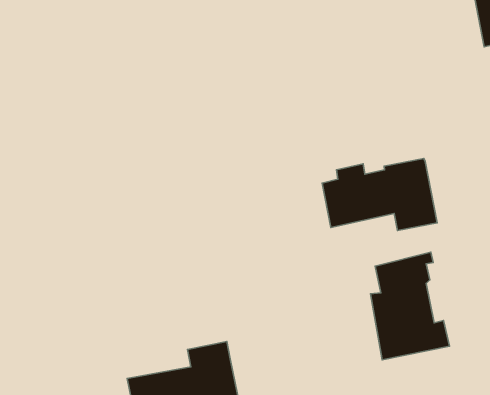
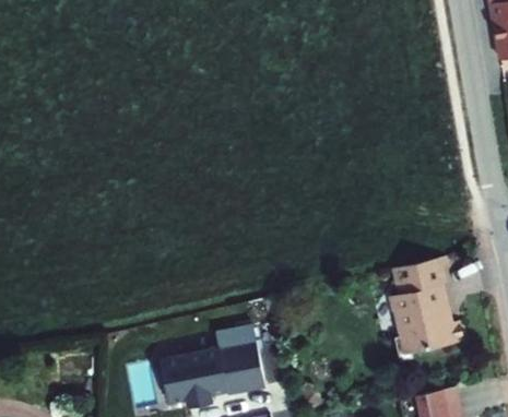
building: [322,158,437,230] -> none

